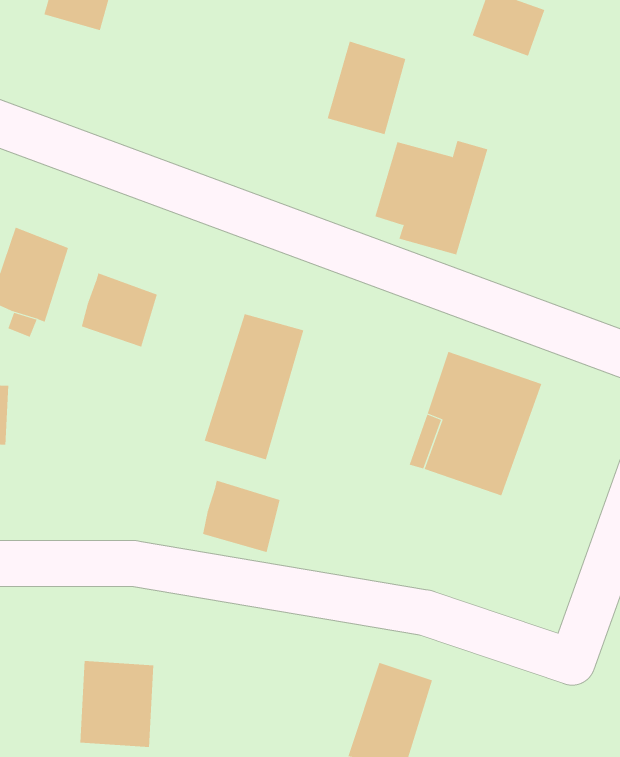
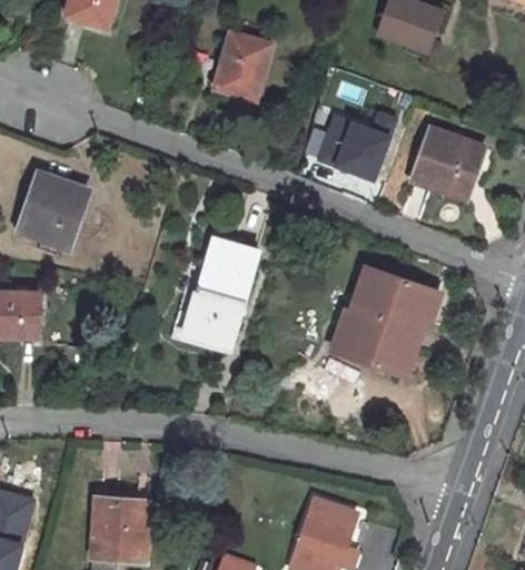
building: [327,41,406,135] -> [214,31,273,101]
building: none -> [410,127,484,199]
building: [81,273,158,347] -> none
building: [202,480,280,553] -> none

